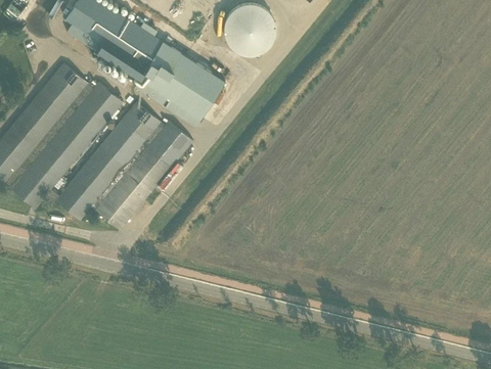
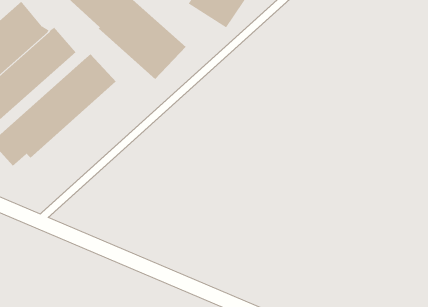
building: [94,121,191,230] -> none

